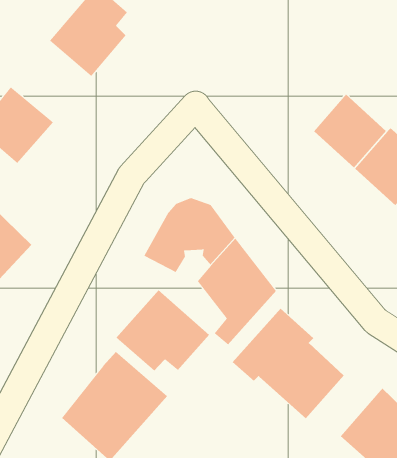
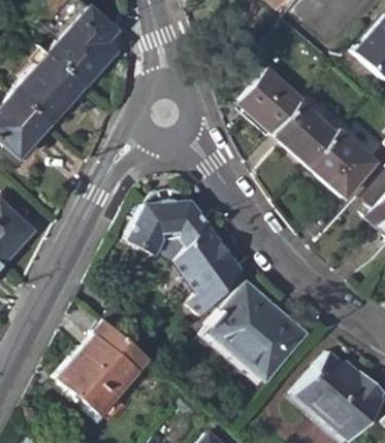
building: none -> [15,56,85,126]
building: none -> [238,67,304,133]
building: [115,289,210,371] -> none

